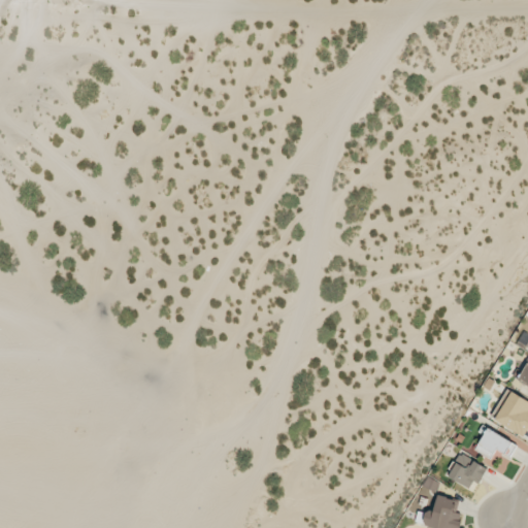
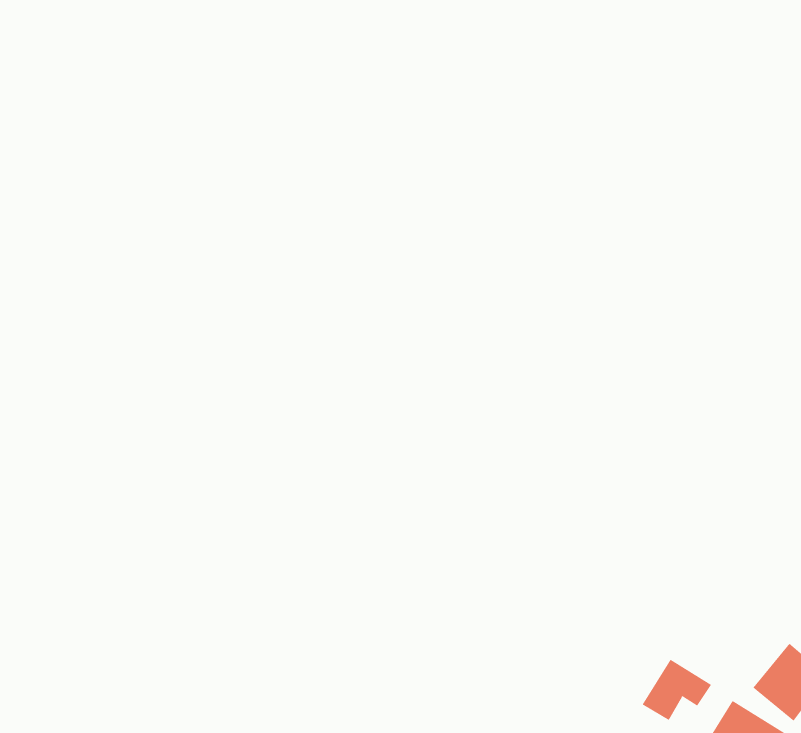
building: none -> [642,659,712,721]

